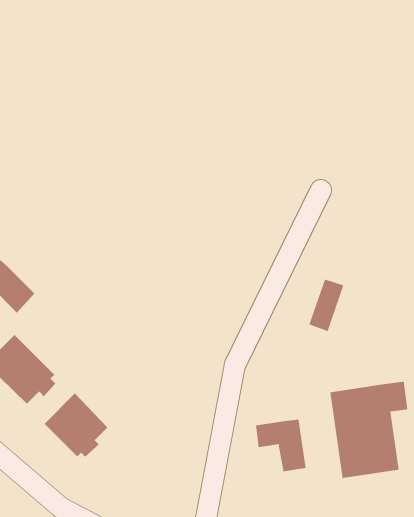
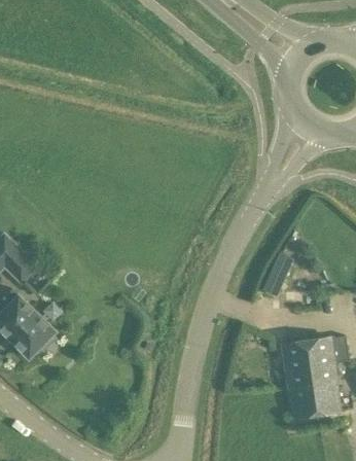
building: [44,393,108,458] -> none
building: [255,419,306,472] -> none

